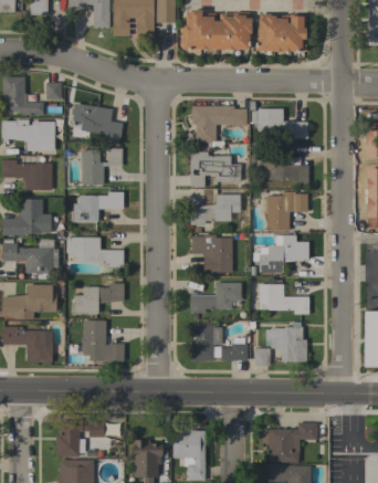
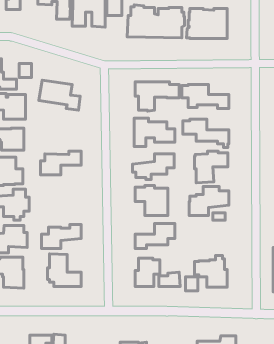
building: [80,148,123,185] -> none
building: [66,237,124,267] -> none
building: [255,284,308,314] -> none

